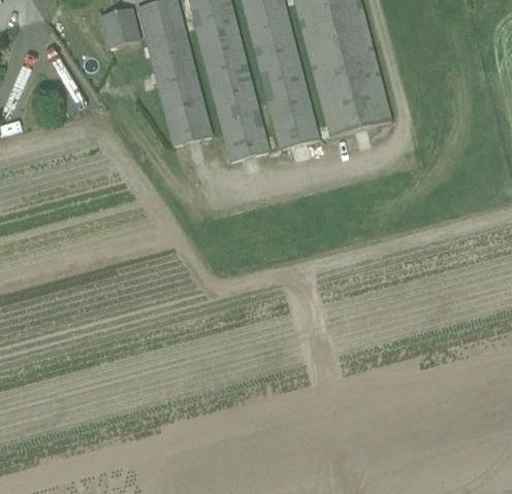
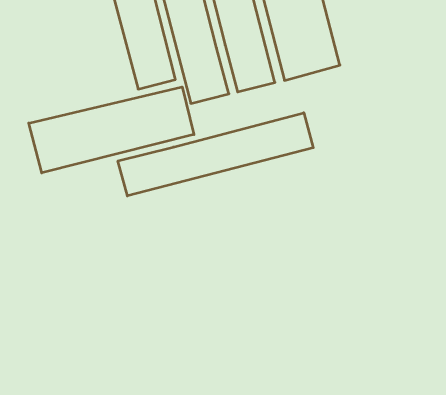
building: none -> [29,87,194,173]
building: none -> [118,113,313,196]

